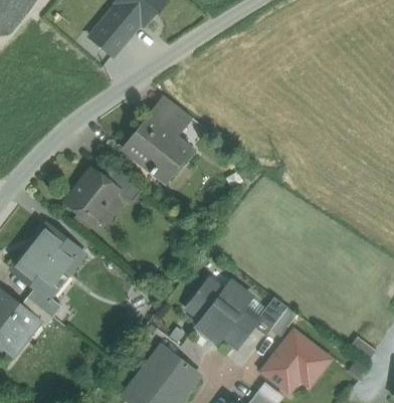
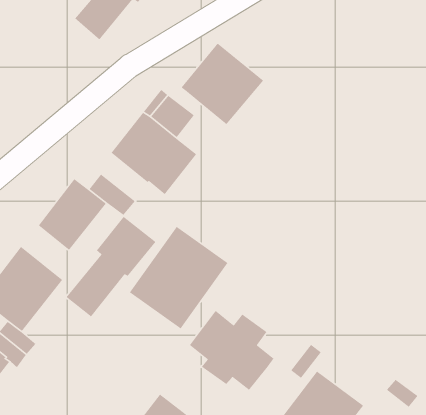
building: none -> [181,42,264,125]
building: none -> [65,216,157,317]
building: none -> [129,226,228,330]
building: [253,296,288,336] -> none

